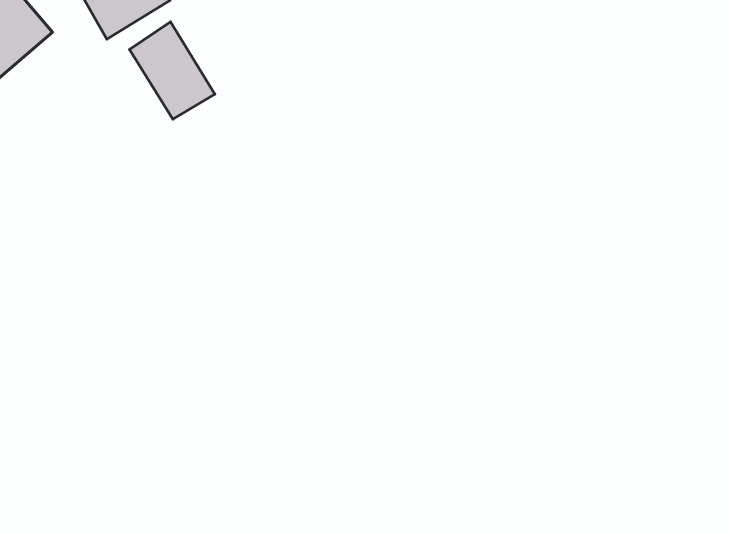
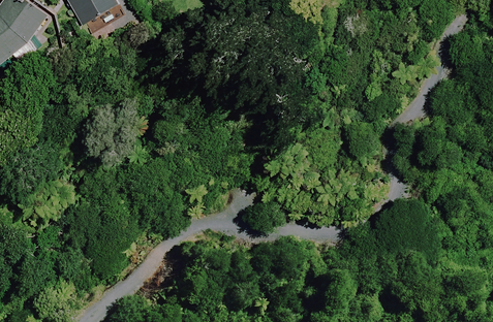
building: [130,22,215,119] -> none

